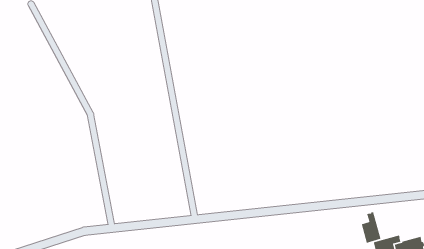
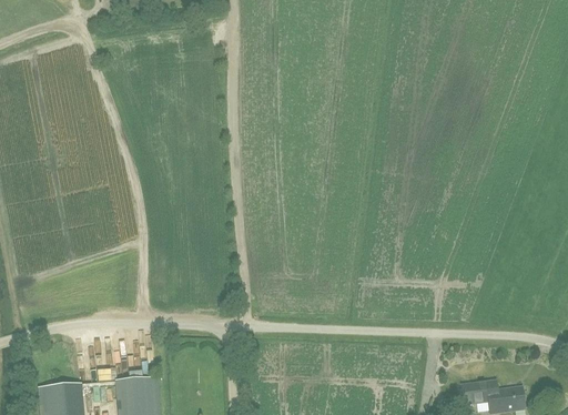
building: [361,211,381,244] -> none

